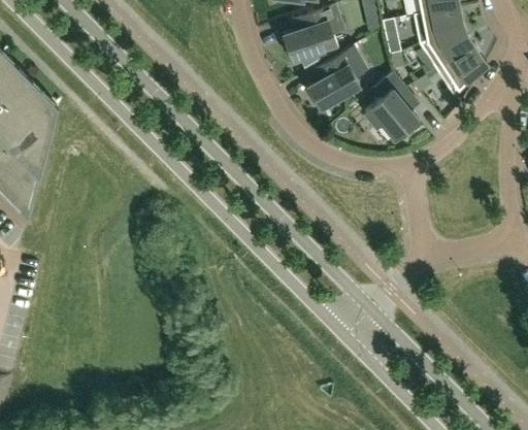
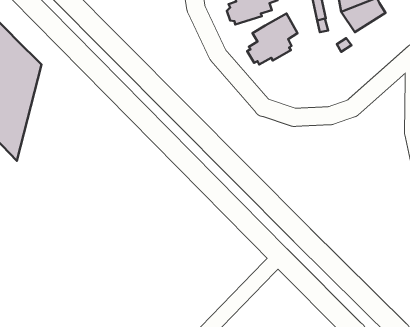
building: [436,45,486,95] -> none
building: [365,72,418,138] -> none

